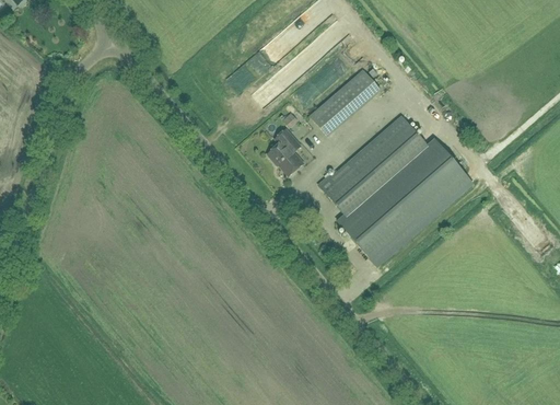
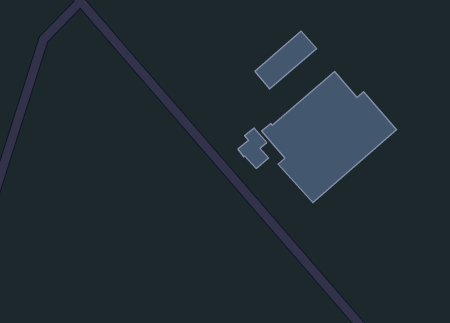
building: [268,129,303,175] -> [238,128,269,168]

